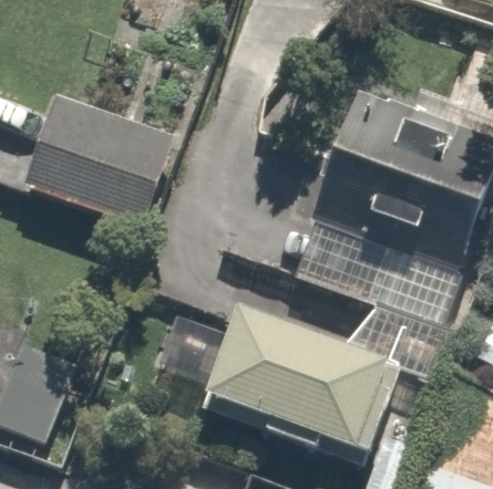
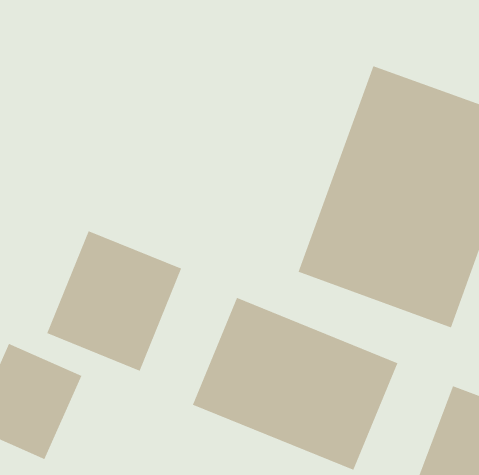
building: [21,93,175,232] -> none
building: none -> [46,230,182,372]

